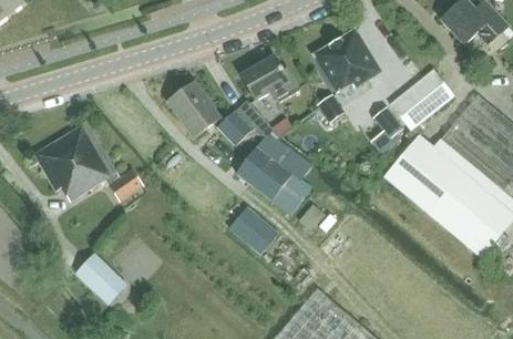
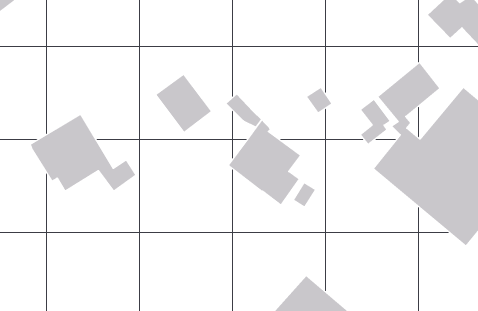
building: [314,29,380,92] -> none
building: [240,55,300,102] -> none
building: [214,110,253,147] -> none
building: [229,206,278,254] -> none
building: [76,253,127,304] -> none

